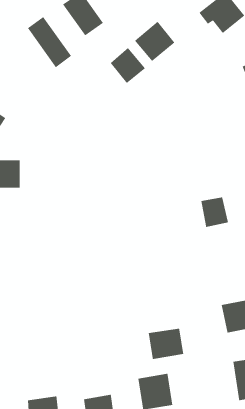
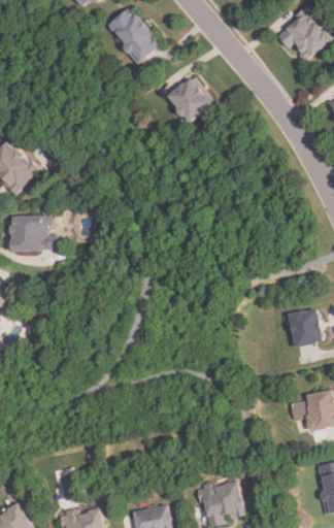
building: [27,16,72,68] -> none
building: [134,21,175,62] -> none
building: [200,197,229,228] -> [288,308,323,346]
building: [148,328,184,360] -> none

